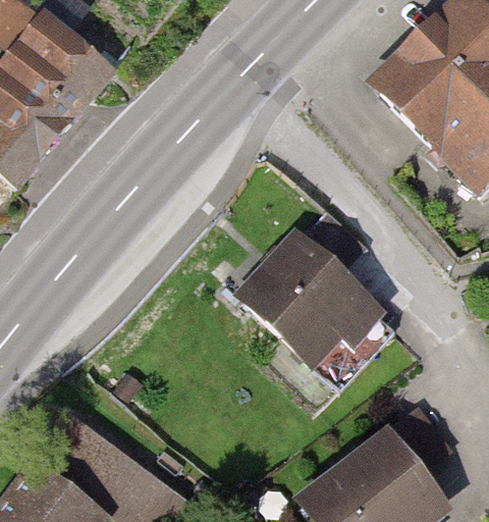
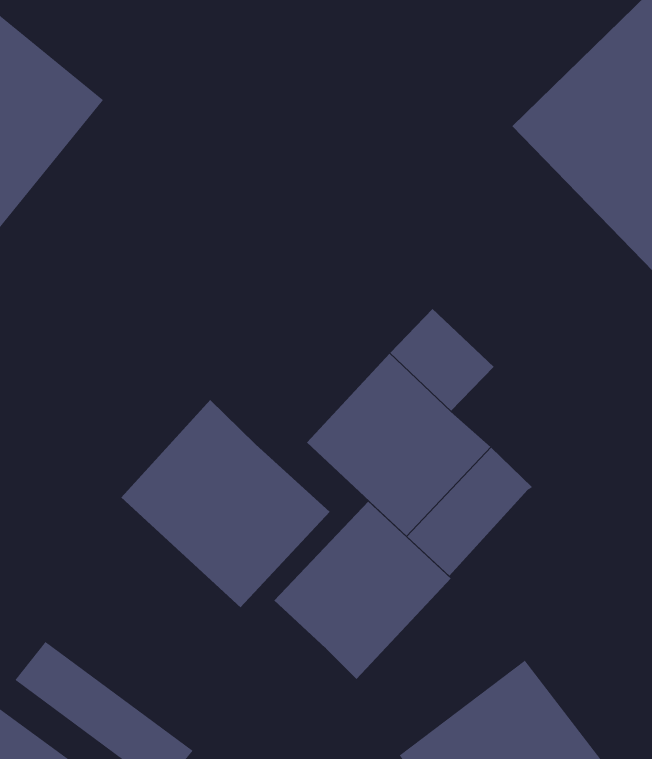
building: none -> [121,399,330,608]
building: none -> [273,501,451,680]

